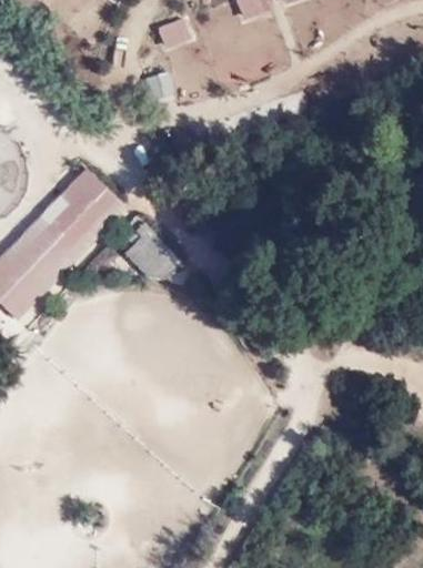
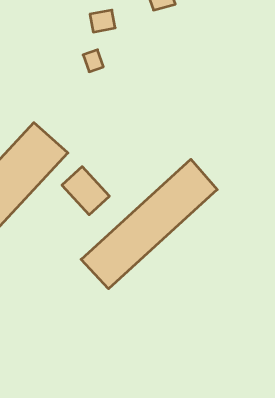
building: none -> [81,159,217,289]

